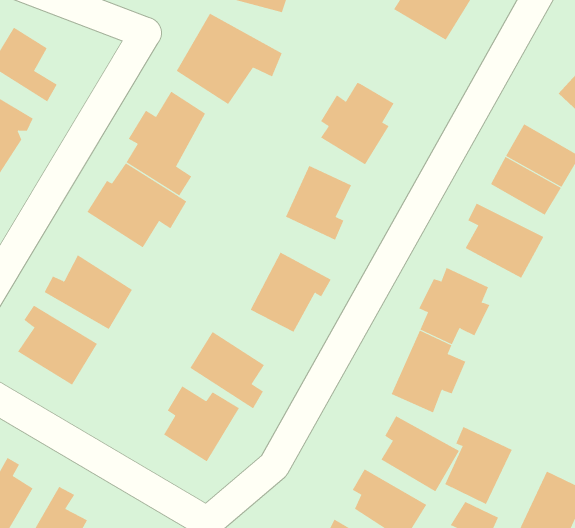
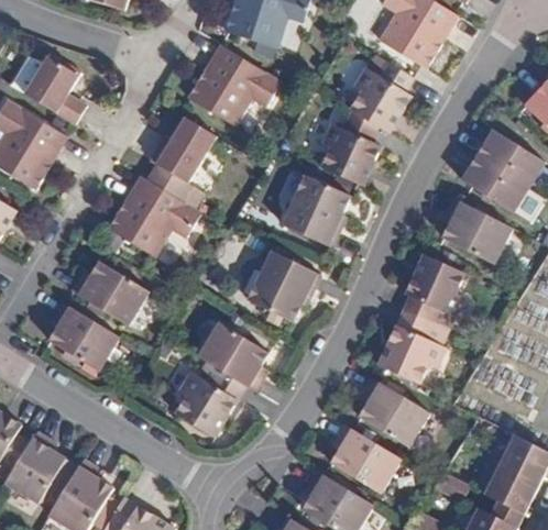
building: none -> [348,55,415,130]
building: [445,426,513,505] -> none

